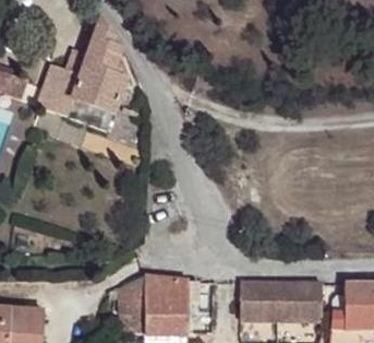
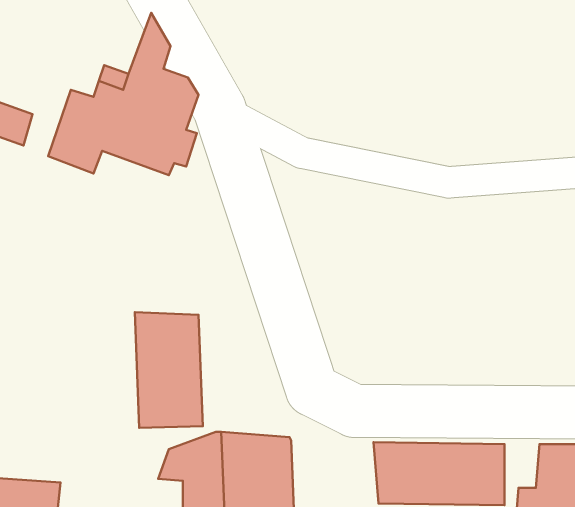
building: none -> [135,312,203,428]

